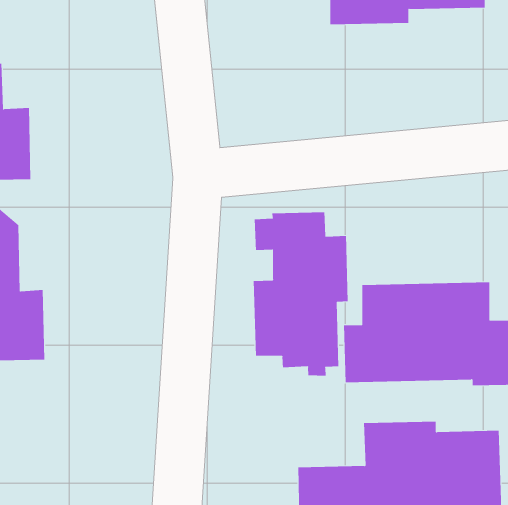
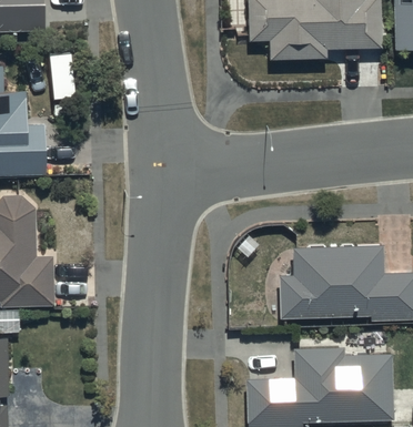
building: [253,212,348,376] -> none

